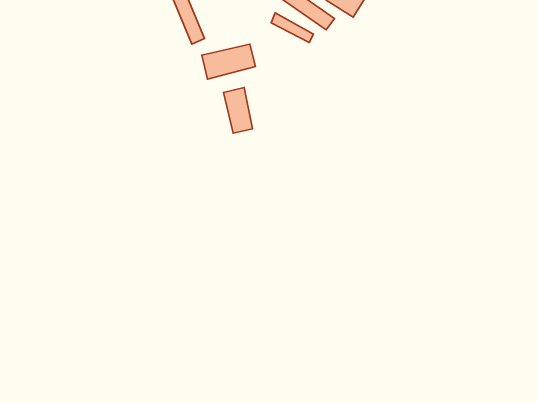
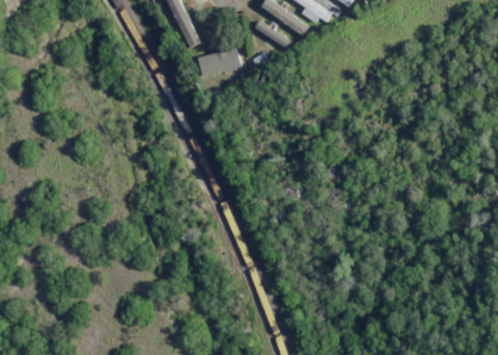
building: [224,88,253,133] -> none

